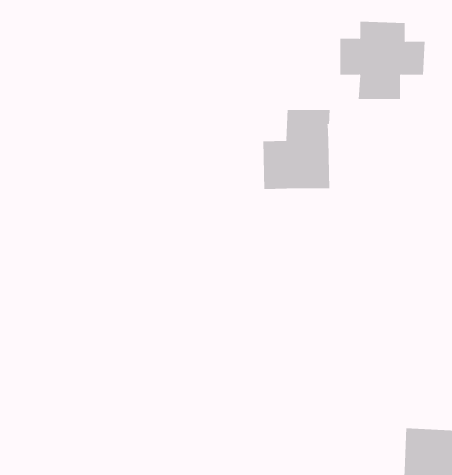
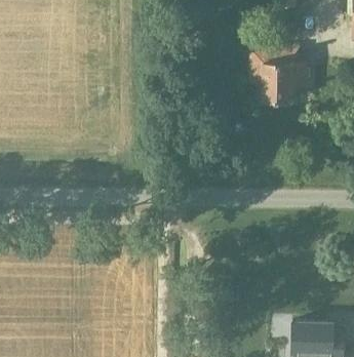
building: [263,109,330,190] -> none

